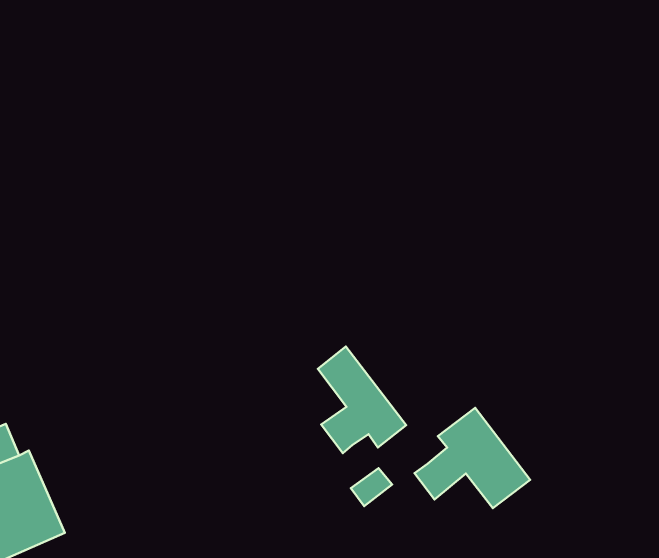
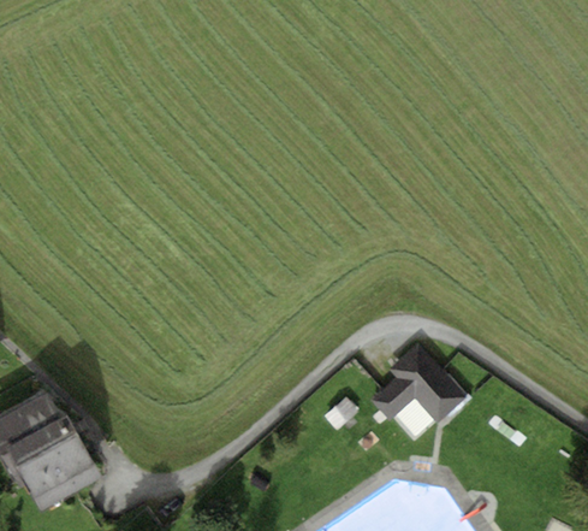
building: [318,347,406,453] -> none

